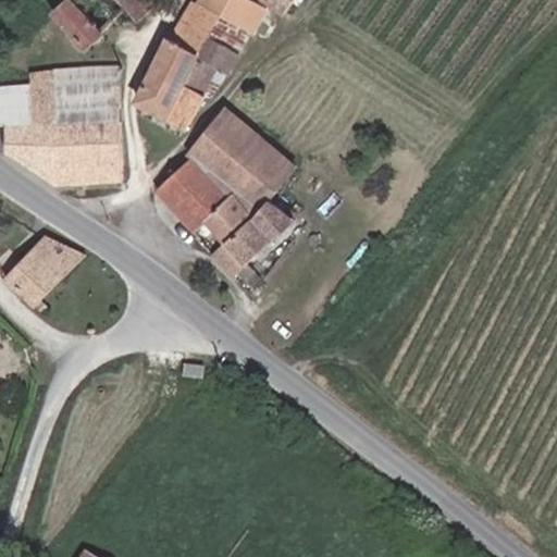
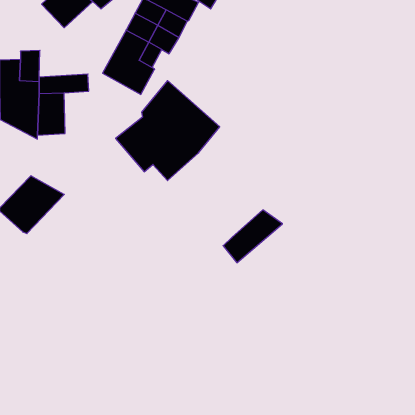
building: [52,62,117,103] -> none
building: [86,122,120,178] -> none
building: [212,205,292,275] -> [223,210,282,263]

